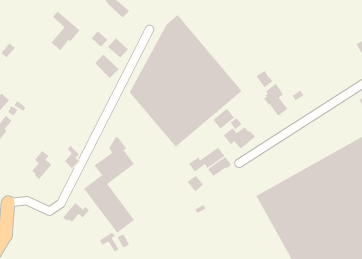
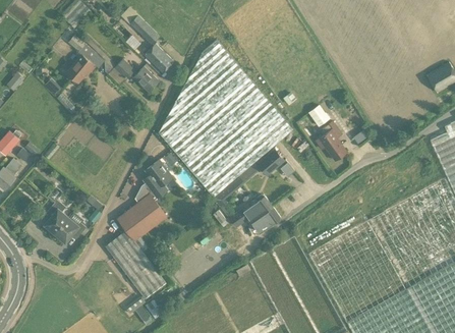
building: [94,54,119,79] -> [146,44,175,73]
building: none -> [147,161,173,199]
building: [223,126,256,150] -> none
building: [62,202,90,223] -> [54,218,87,242]

